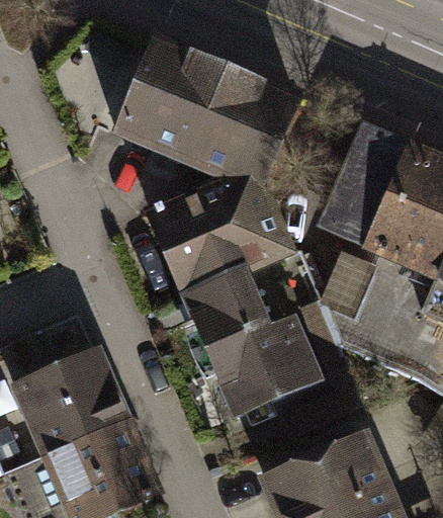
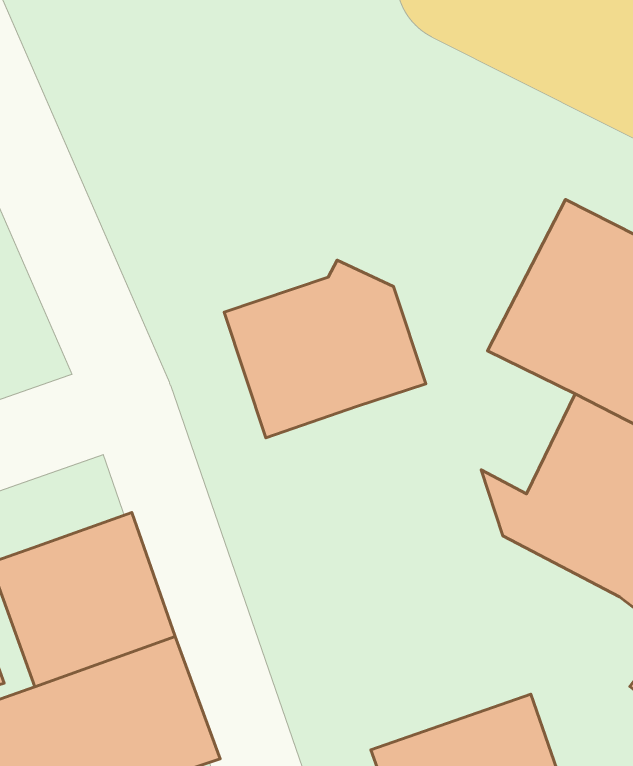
building: [118,44,298,190] -> none
building: [188,267,316,412] -> none

